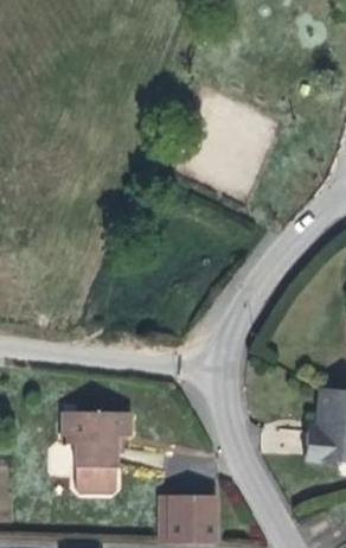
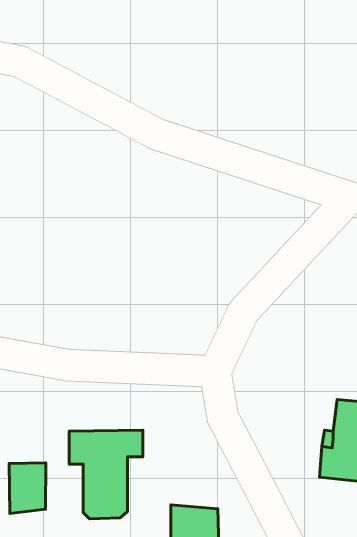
building: none -> [9,463,46,513]

